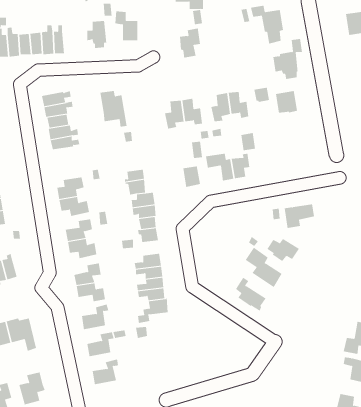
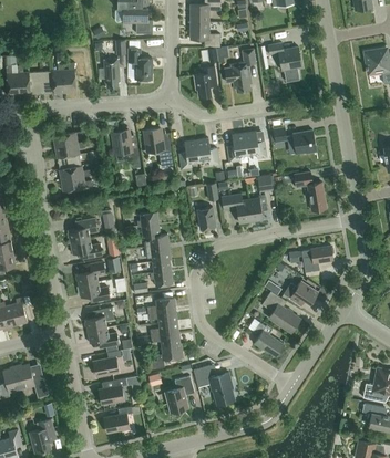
building: [273,39,303,80] -> [224,49,255,91]
building: none -> [144,127,173,167]
building: none -> [294,170,326,210]
building: none -> [193,363,235,404]
building: none -> [164,375,195,412]

